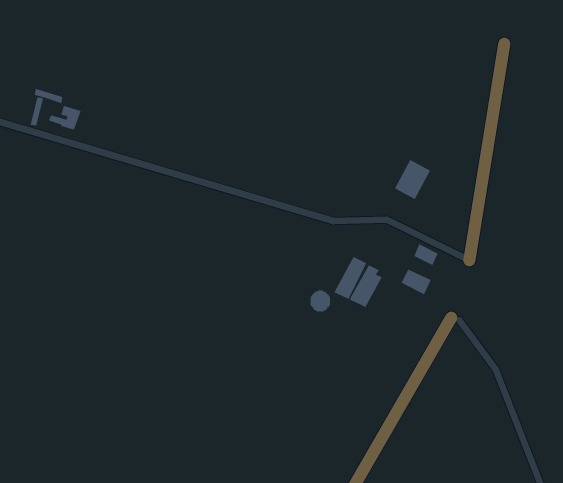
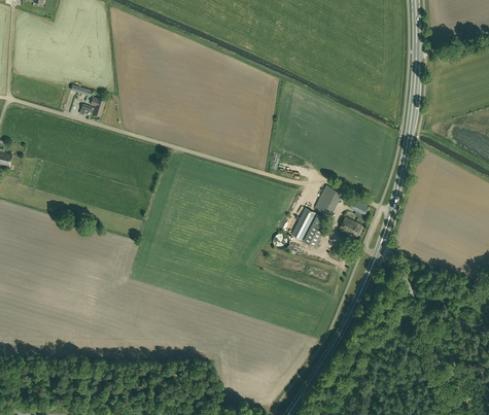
building: [394,159,431,200] -> [313,185,340,215]

